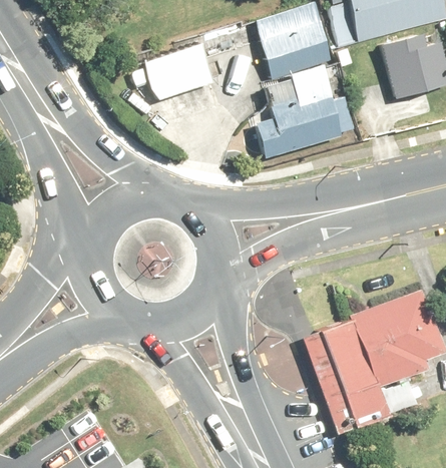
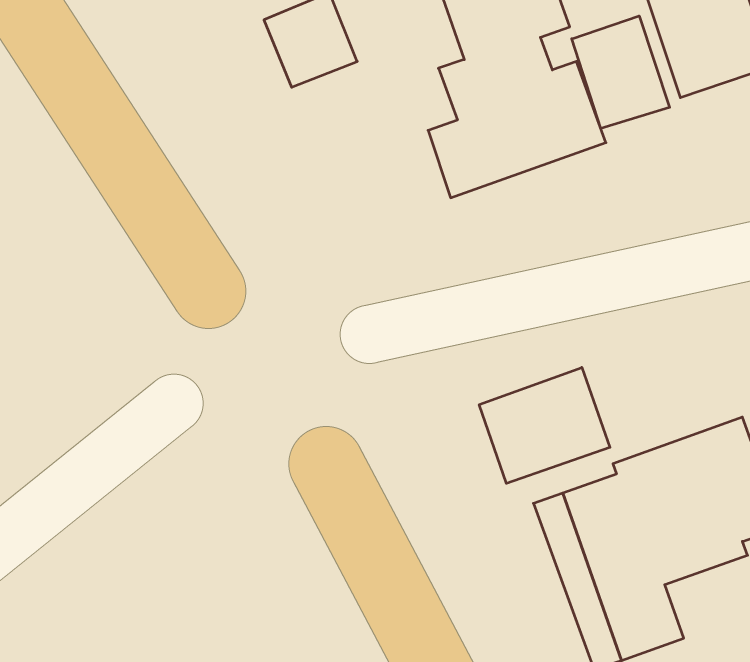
building: none -> [572,16,670,129]
building: none -> [479,367,610,483]

